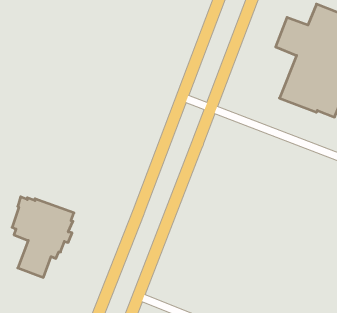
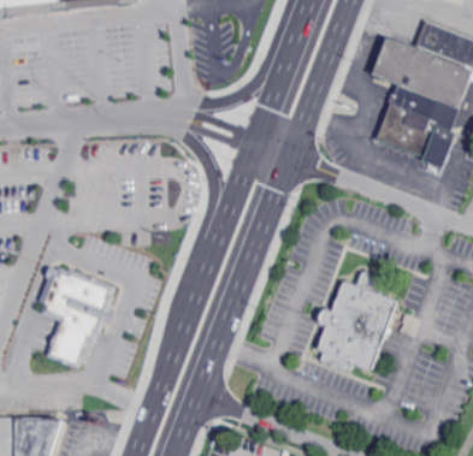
building: none -> [318,271,396,371]

